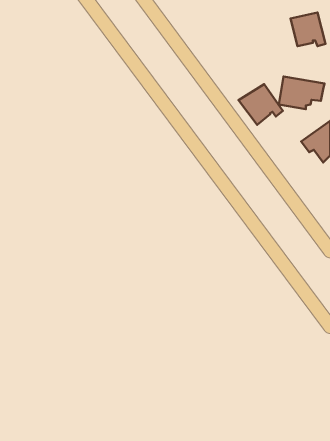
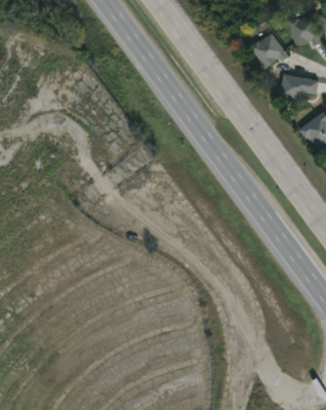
building: [239,84,283,125] -> [250,33,289,69]

